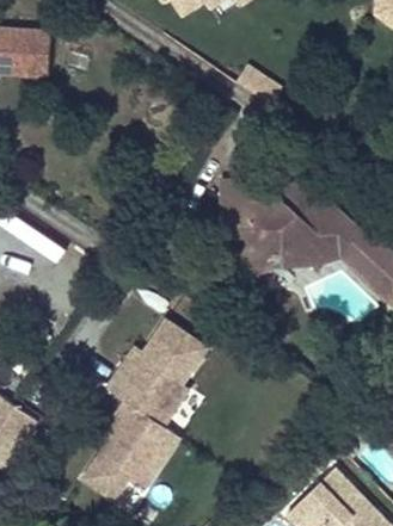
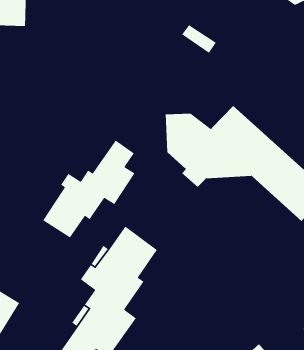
building: none -> [42,139,135,238]

